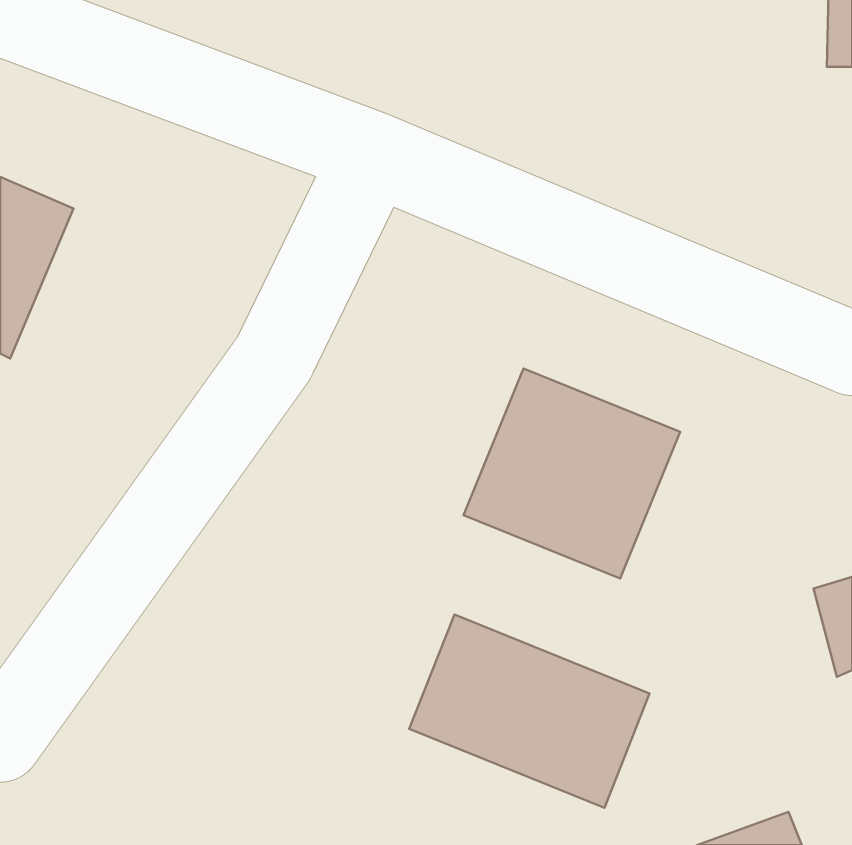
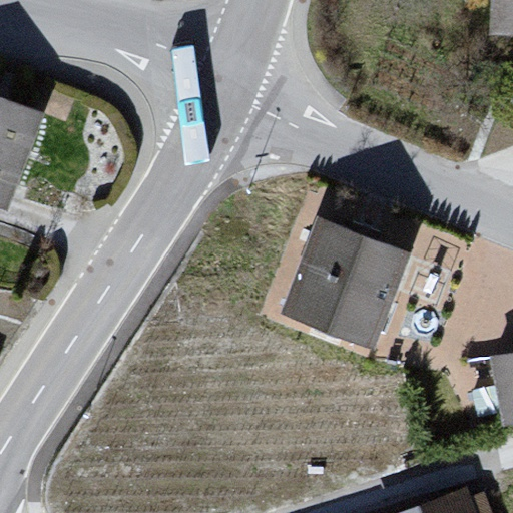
building: [409,615,650,808] -> none

